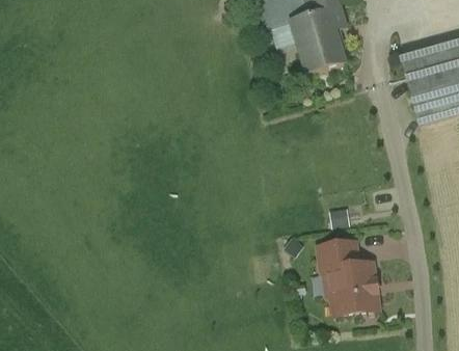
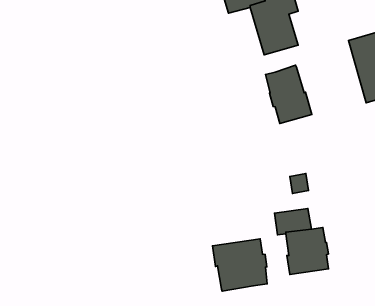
building: none -> [266,65,312,124]
building: none -> [212,239,267,291]

